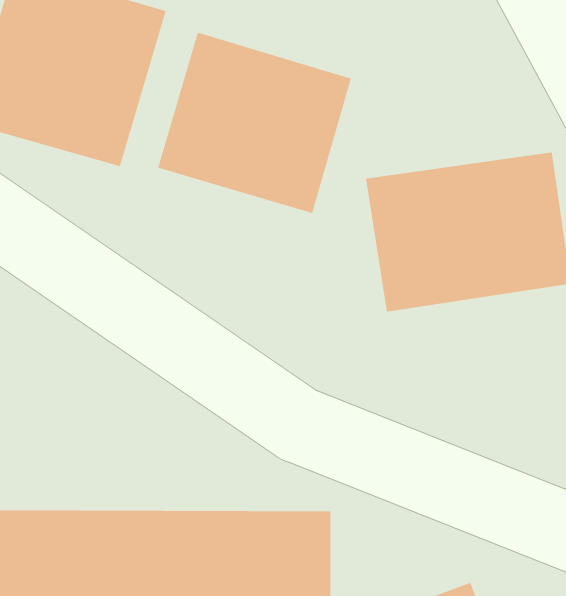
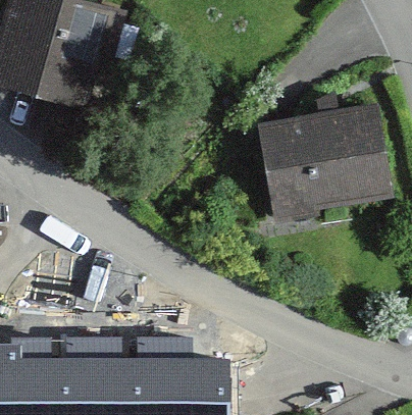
building: [158,32,352,214] -> none

